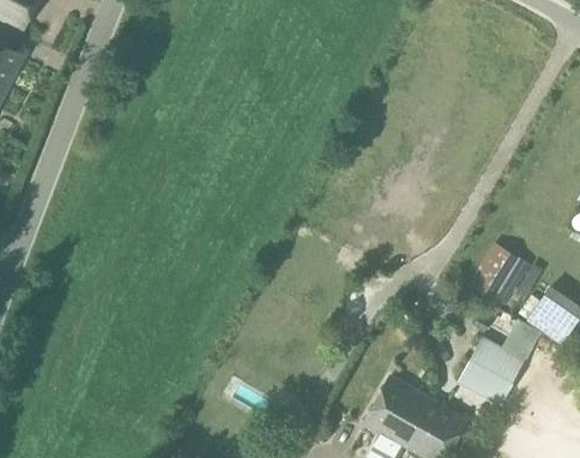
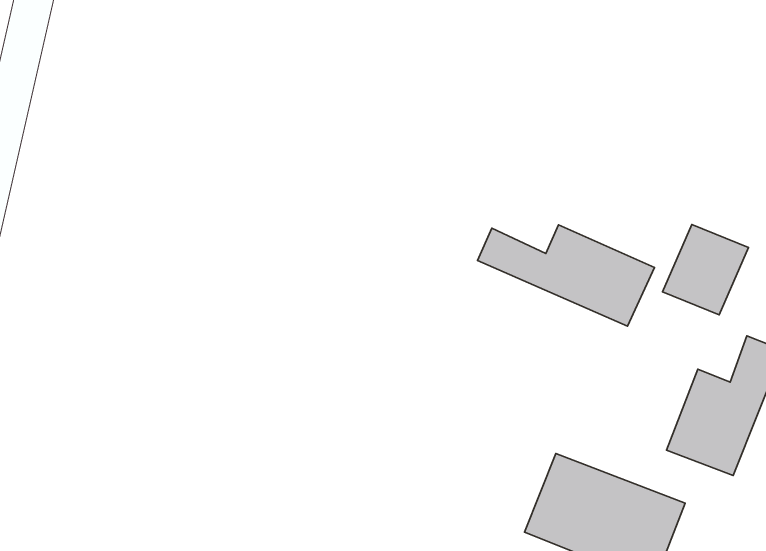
building: none -> [477,225,655,326]

